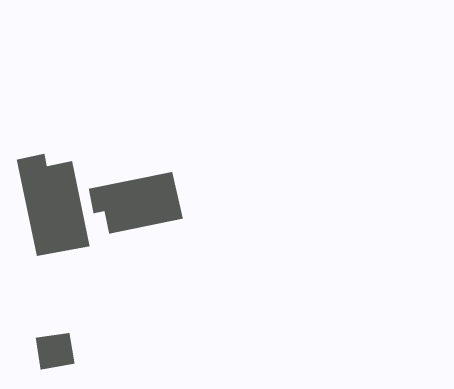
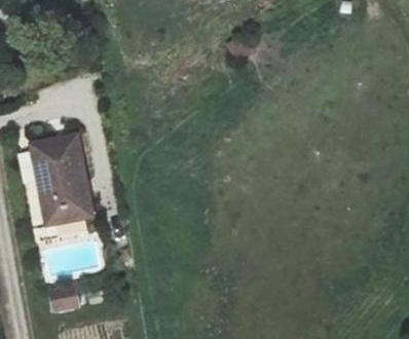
building: [88,171,183,234] -> none

